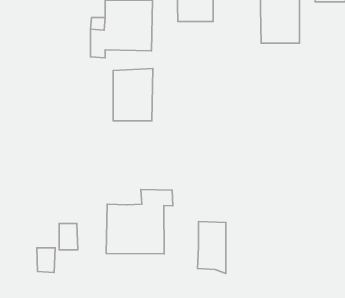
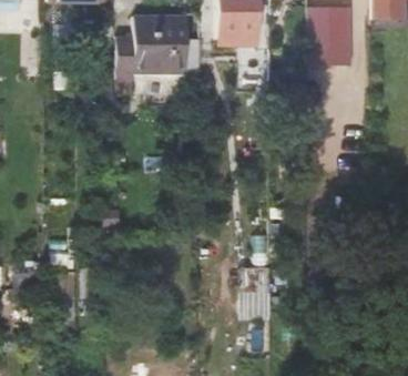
building: [113,68,153,121] -> none
building: [106,190,173,254] -> none

